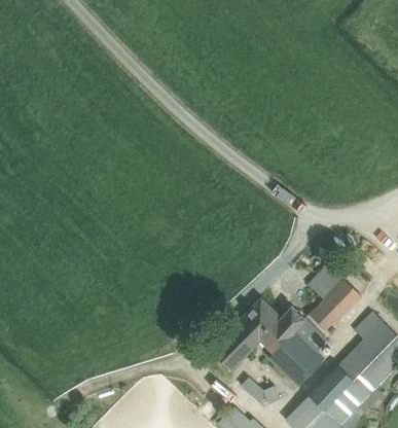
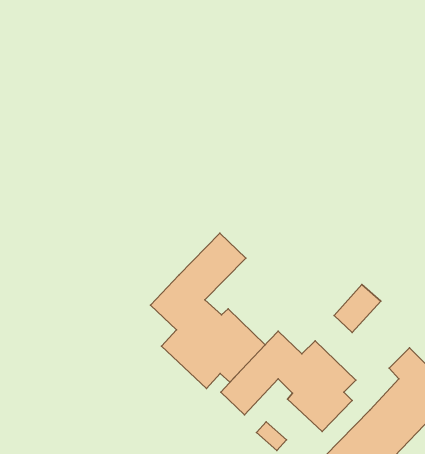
building: none -> [150,233,265,388]
building: [309,279,361,331] -> none

